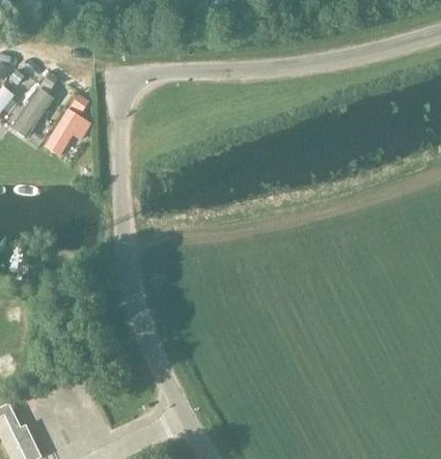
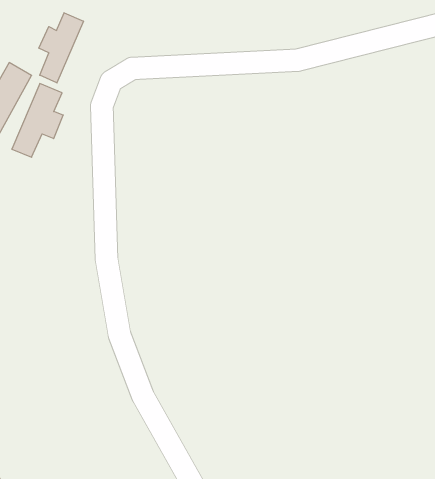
building: none -> [39,13,83,83]

